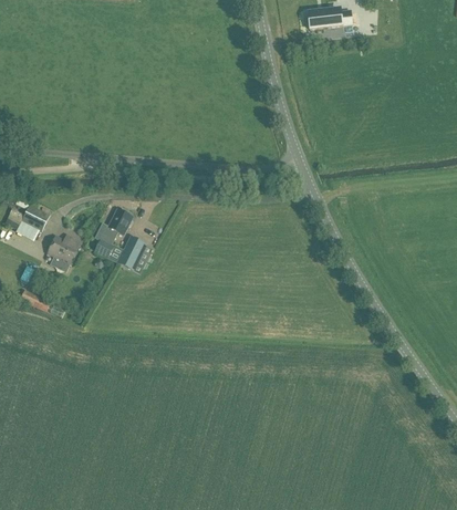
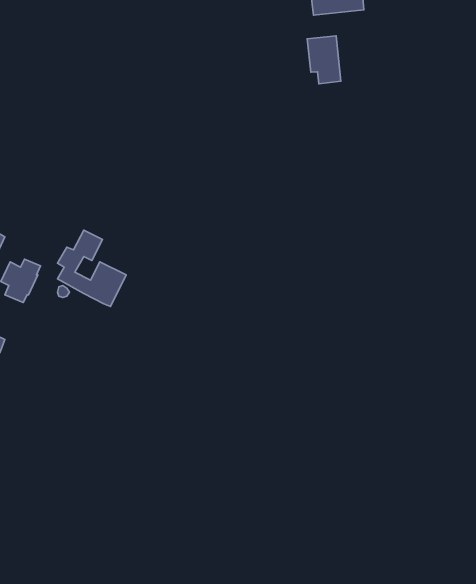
building: none -> [307,36,341,84]

